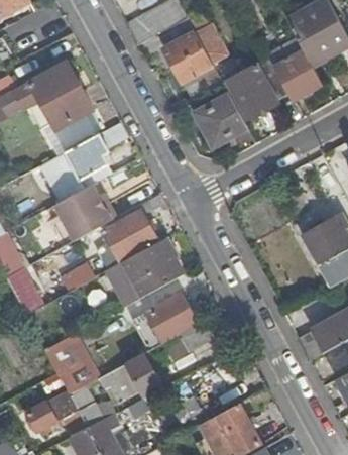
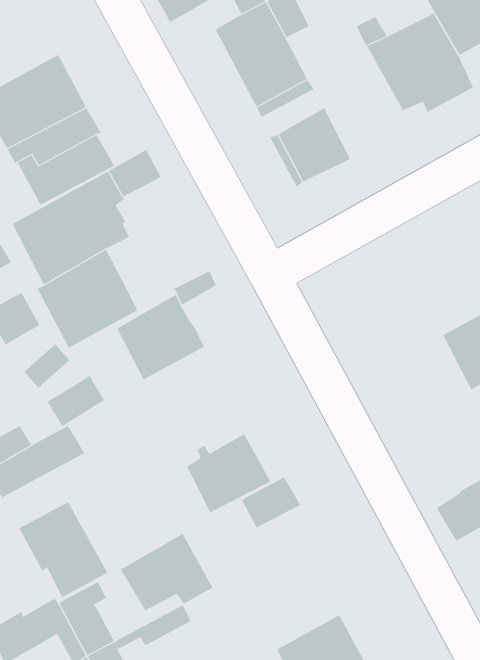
building: [227,64,278,119] -> none
building: [104,239,184,309] -> none

